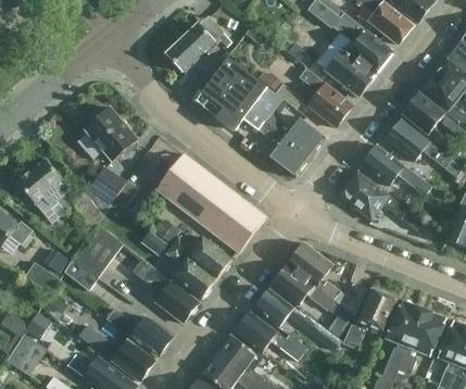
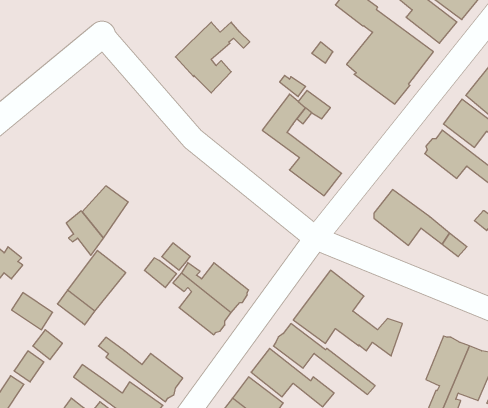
building: [197,58,267,129] -> none
building: [299,67,351,126] -> none
building: [78,106,138,161] -> none
building: [265,113,327,156] -> none
building: [362,145,432,194] -> none
building: [150,152,266,251] -> none
building: [18,159,71,223] -> none
building: [131,258,200,322] -> none
building: [344,288,398,349] -> none

